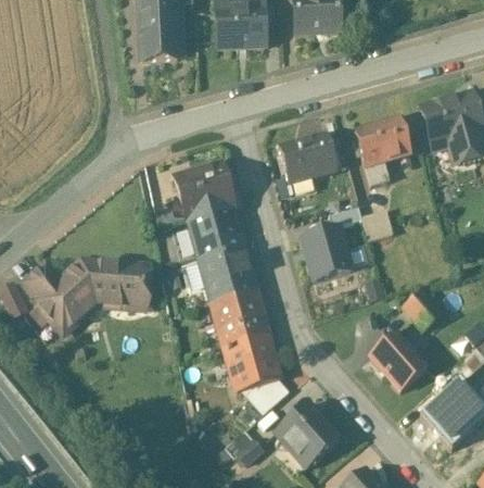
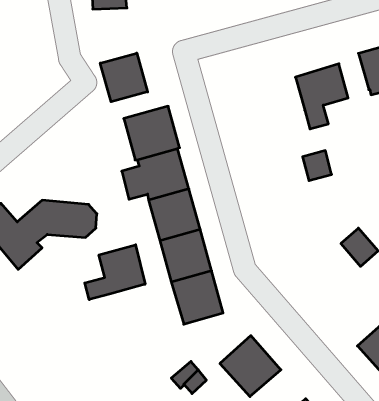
building: none -> [100,53,148,102]
building: [279,133,336,183] -> none
building: [302,222,351,279] -> none
building: none -> [85,245,145,300]
building: [369,331,428,390] -> none
building: [241,378,289,413] -> none

